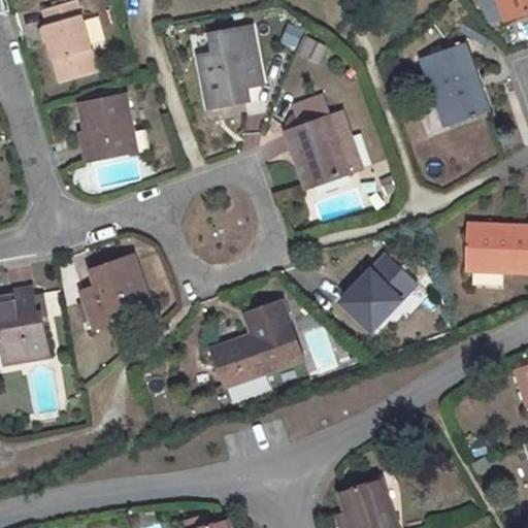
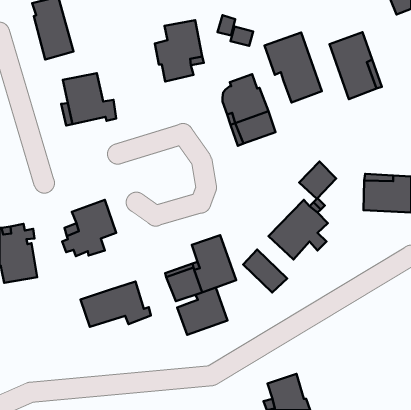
building: none -> [264,33,322,102]
building: none -> [299,162,336,199]
building: none -> [243,249,287,293]
building: none -> [80,282,151,327]
building: none -> [177,288,228,335]

